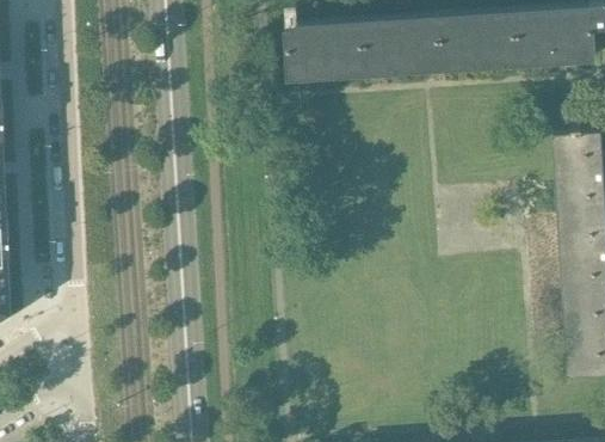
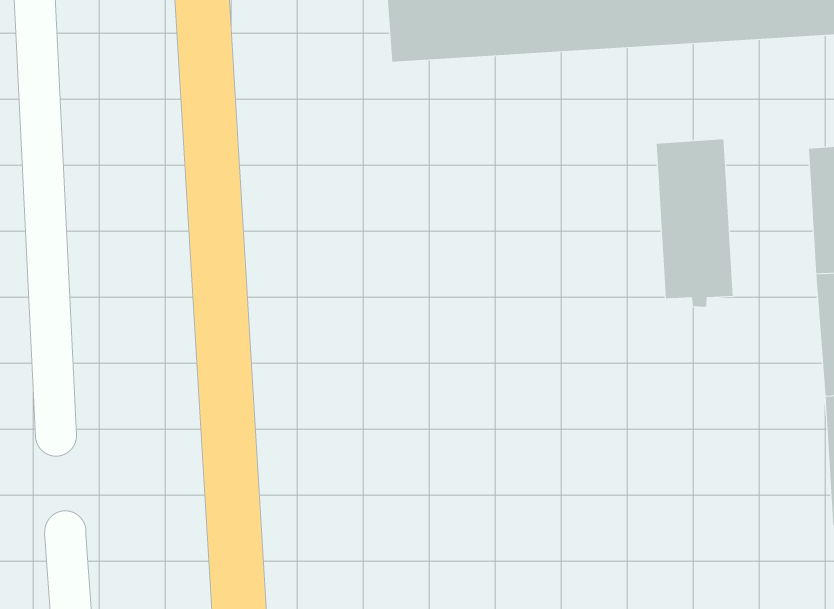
building: none -> [656,138,733,307]

